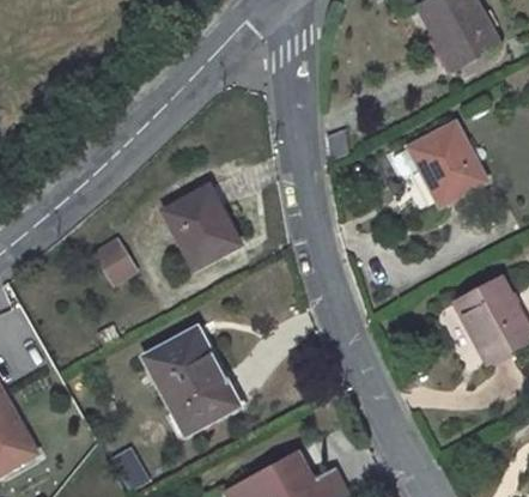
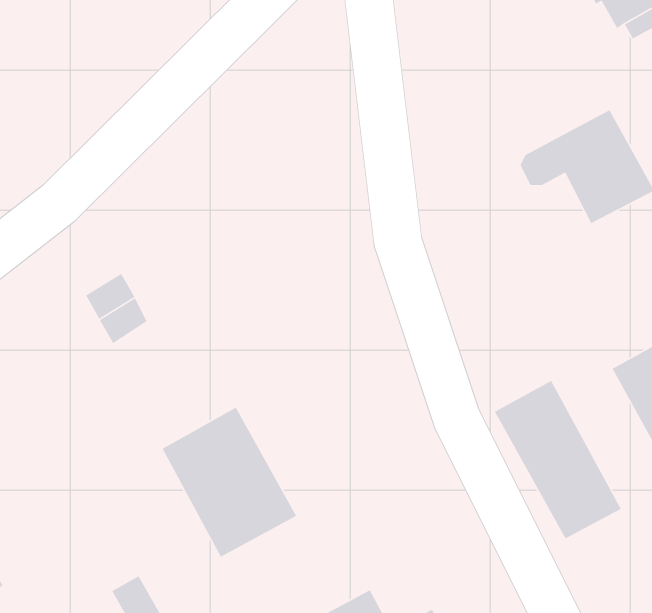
building: [163,188,239,267] -> none
building: none -> [494,380,622,540]

